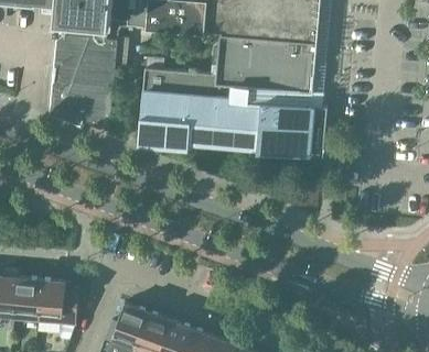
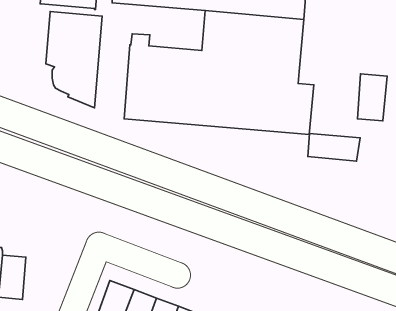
building: none -> [358,74,387,121]
building: none -> [308,133,360,161]
building: [36,282,78,326] -> none

